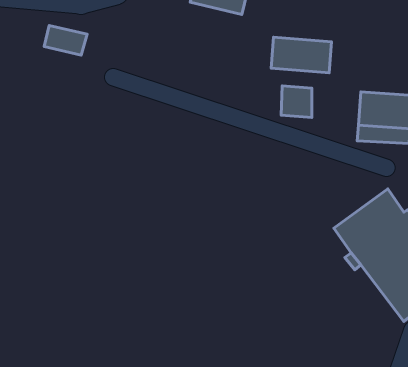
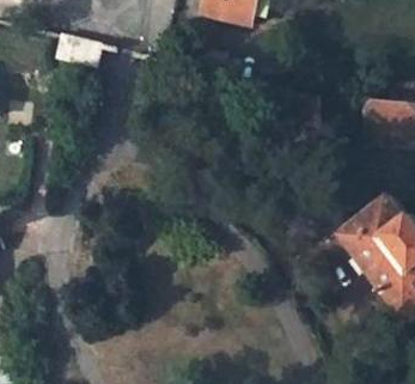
building: [271,37,332,73] -> none

